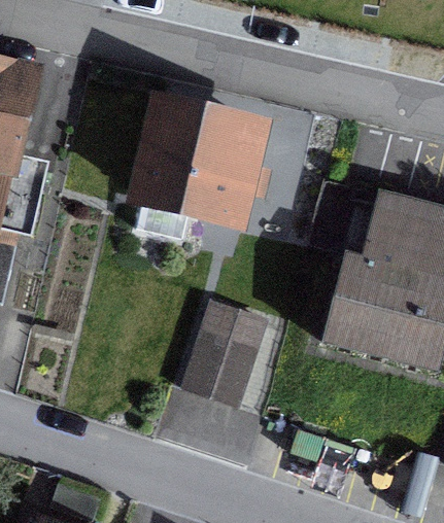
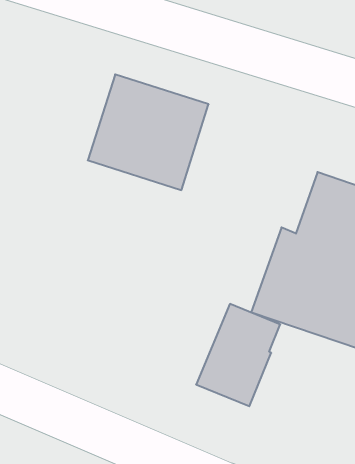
building: [180,302,263,406] -> [196,304,280,406]

